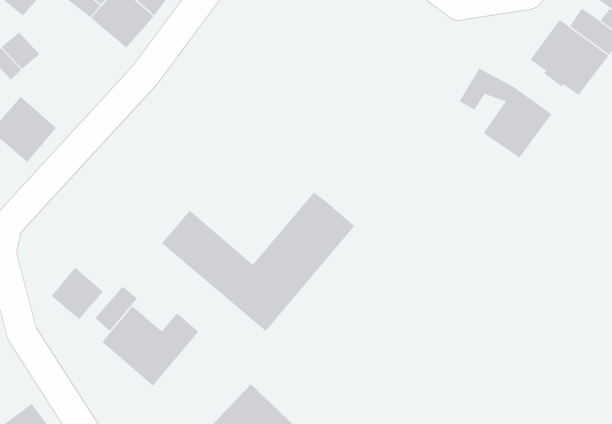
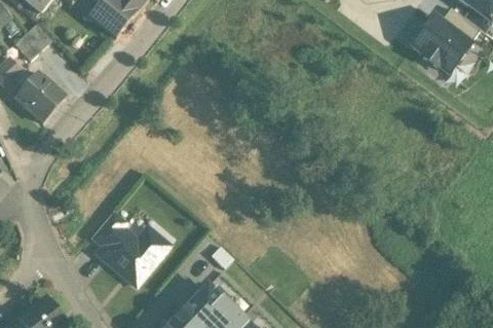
building: [459,68,552,159] -> none
building: [161,191,355,332] -> none
building: [51,267,104,320] -> none

